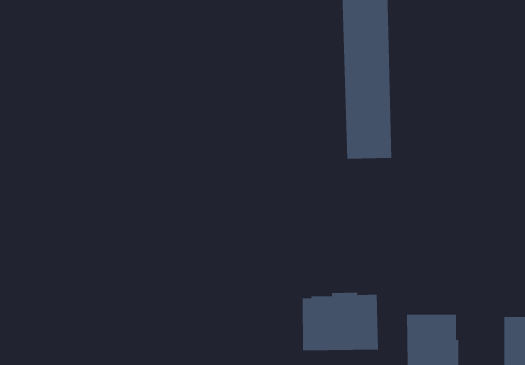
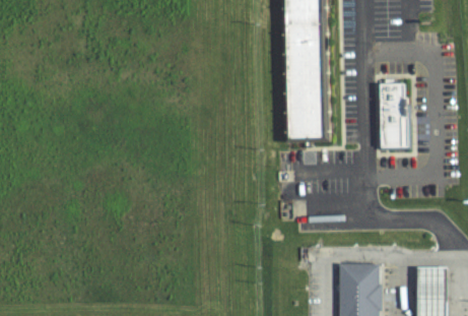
building: none -> [375,80,407,148]
building: [302,292,379,351] -> none

